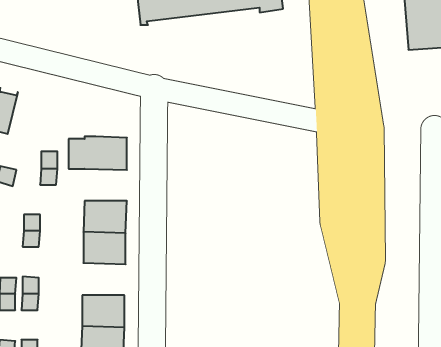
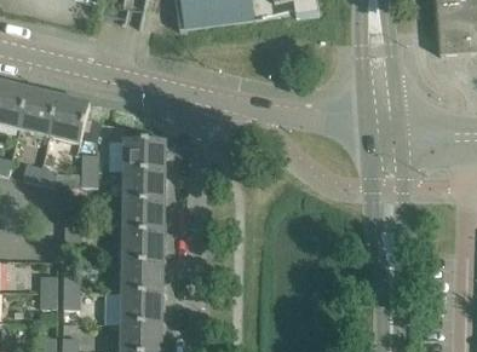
building: none -> [50,96,91,143]
building: none -> [125,169,166,201]
building: none -> [122,261,165,293]

